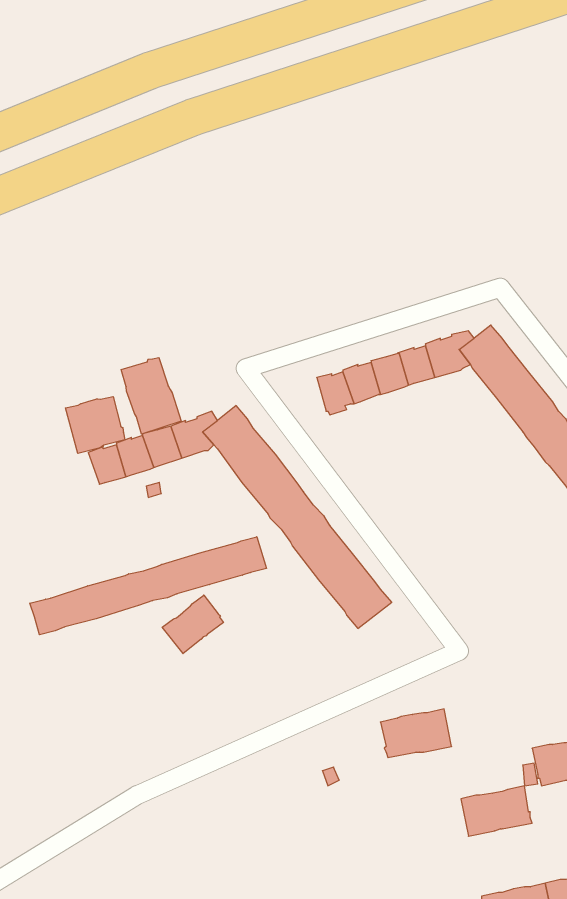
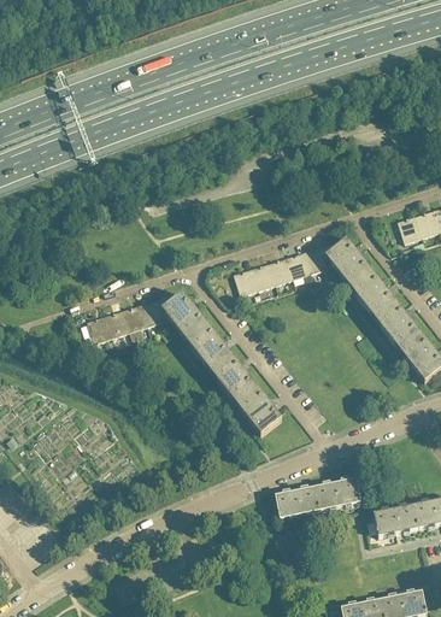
building: [121,358,181,434] -> none
building: [65,397,125,453] -> none
building: [30,537,266,635] -> none
building: [162,595,223,654] -> none
building: [461,786,532,836] -> [318,478,364,511]

